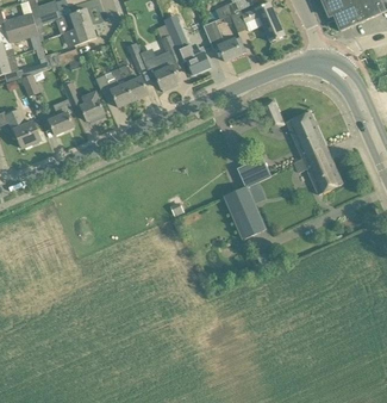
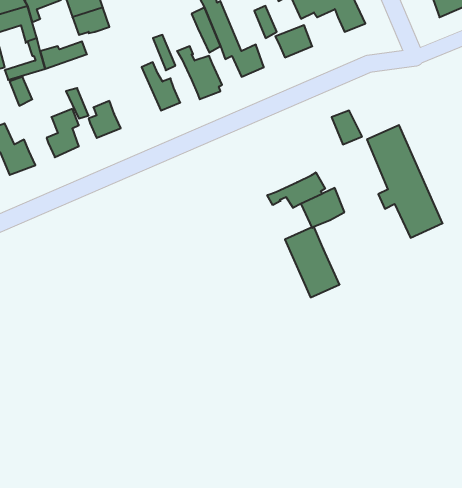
building: [95,67,133,106] -> none
building: none -> [267,172,325,208]

